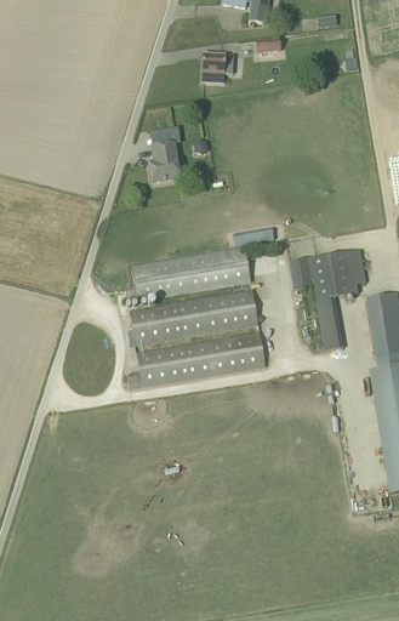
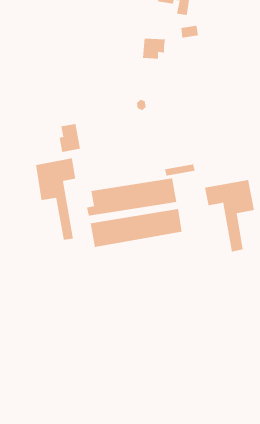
building: [150,142,181,182] -> [59,124,81,152]
building: none -> [35,158,76,240]
building: [127,331,266,388] -> none

